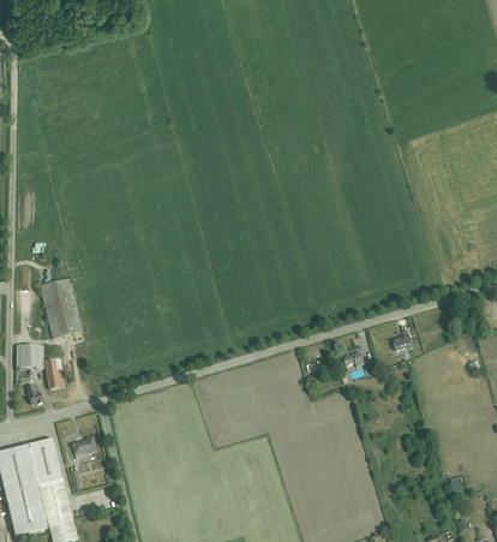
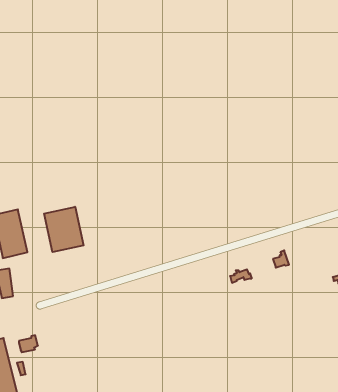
building: none -> [44,207,84,252]

